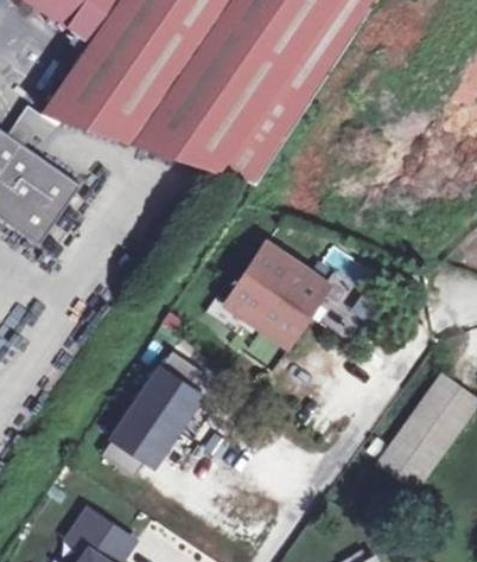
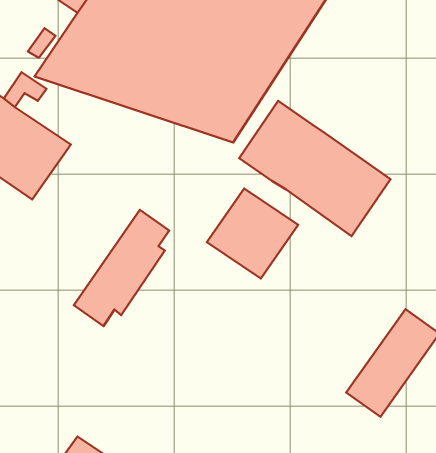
building: none -> [239,101,391,236]
building: [101,346,204,472] -> [74,210,169,326]

